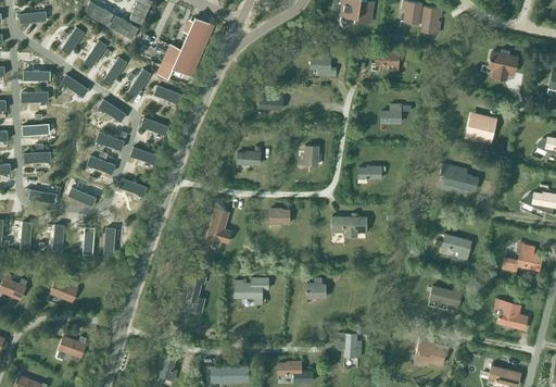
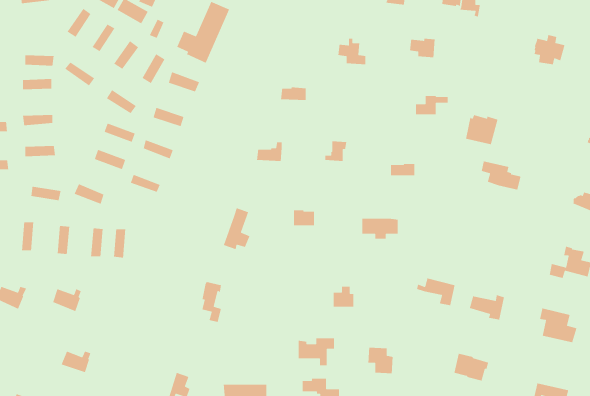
building: [465,116,495,145] -> [465,114,499,145]
building: [434,236,470,262] -> [416,278,456,306]
building: [233,279,267,305] -> [298,338,335,366]

